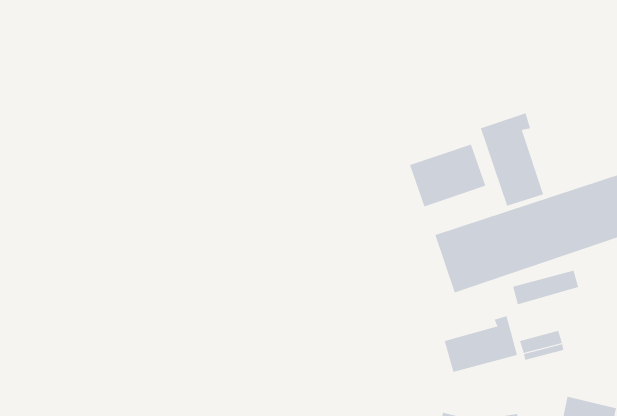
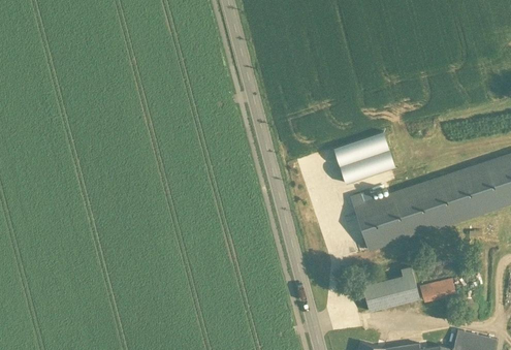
building: [480,112,544,206] -> none
building: [512,270,579,305] -> none

